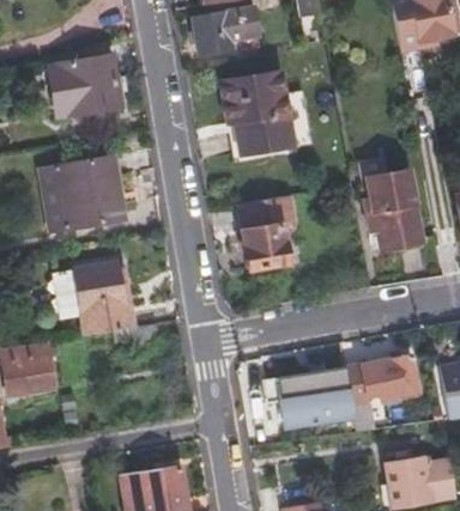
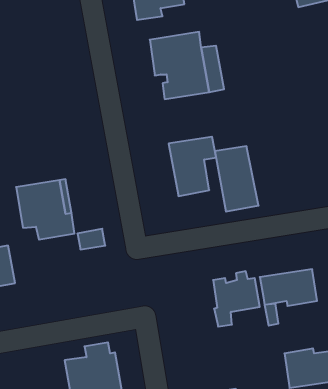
building: [43,53,114,115] -> none
building: [53,150,120,223] -> none
building: [374,178,426,257] -> [215,146,259,212]

